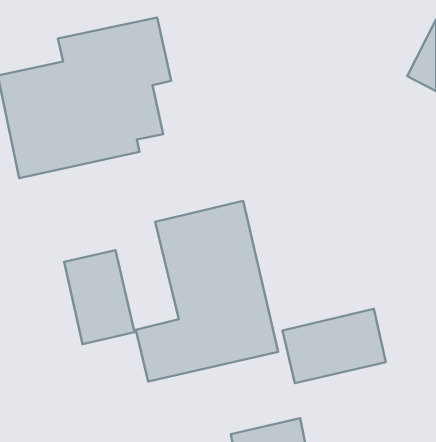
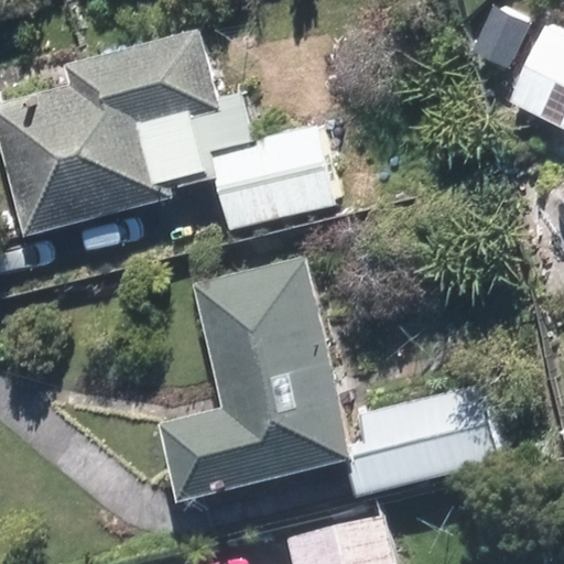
building: none -> [214,128,328,225]
building: [64,250,134,344] -> none

